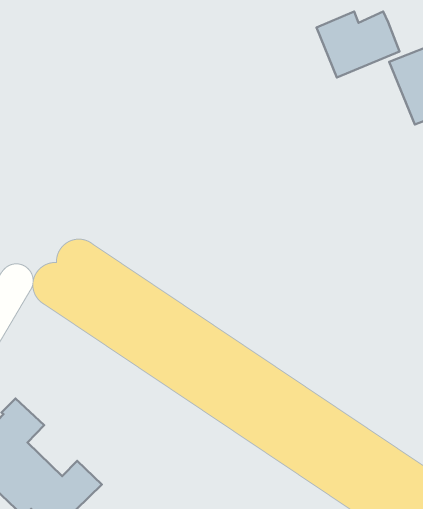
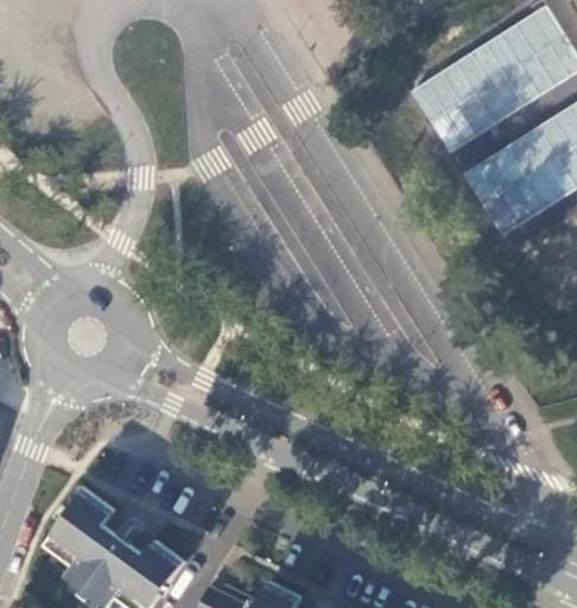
building: [316,12,399,77] -> none

